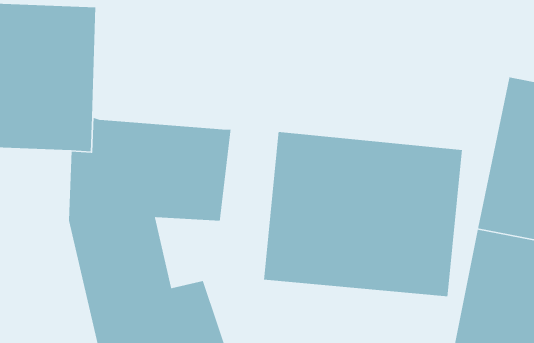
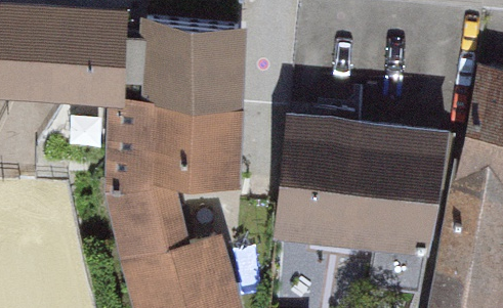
building: none -> [134,23,244,113]

